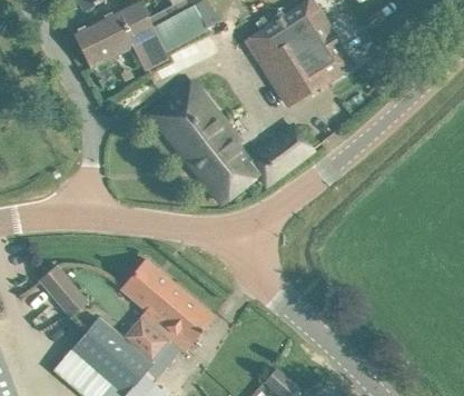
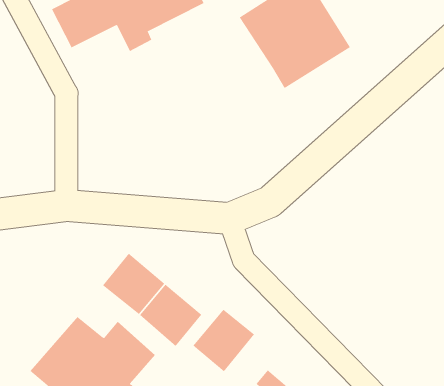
building: [150,81,312,202] -> none
building: [39,266,87,317] -> none
building: none -> [192,309,255,372]

